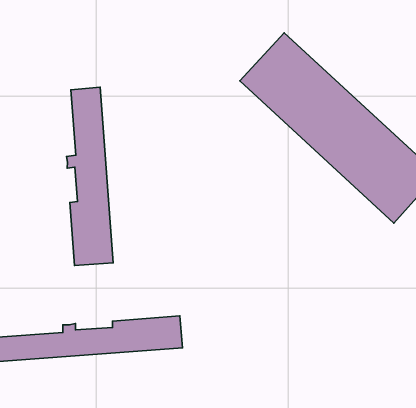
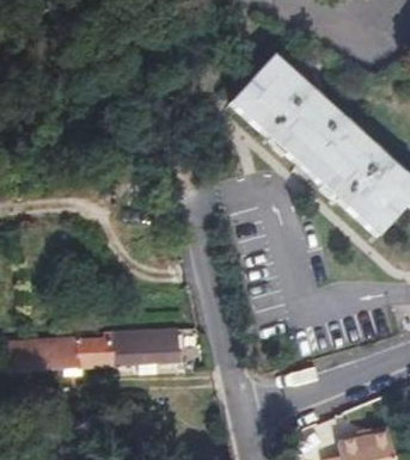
building: [67,87,113,266] -> none

